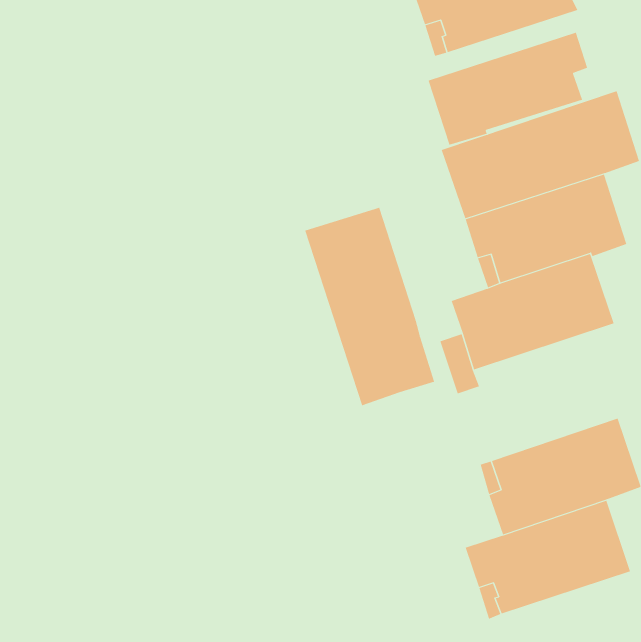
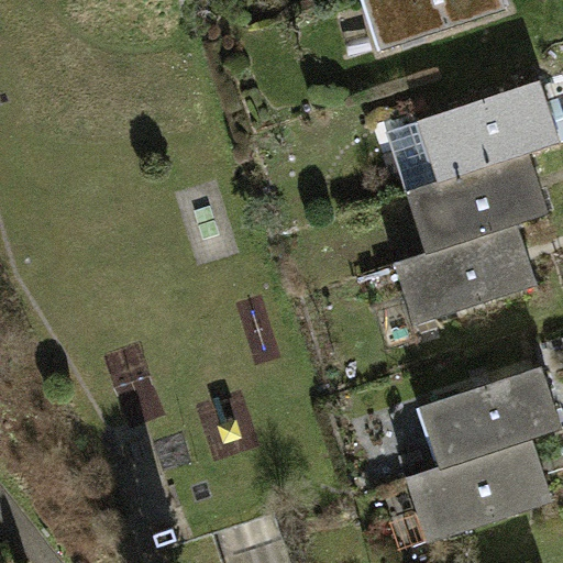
building: [428,32,588,145] -> none
building: [305,207,435,406] -> none

